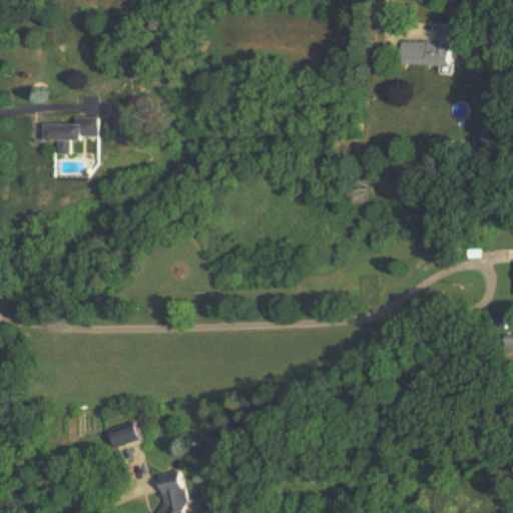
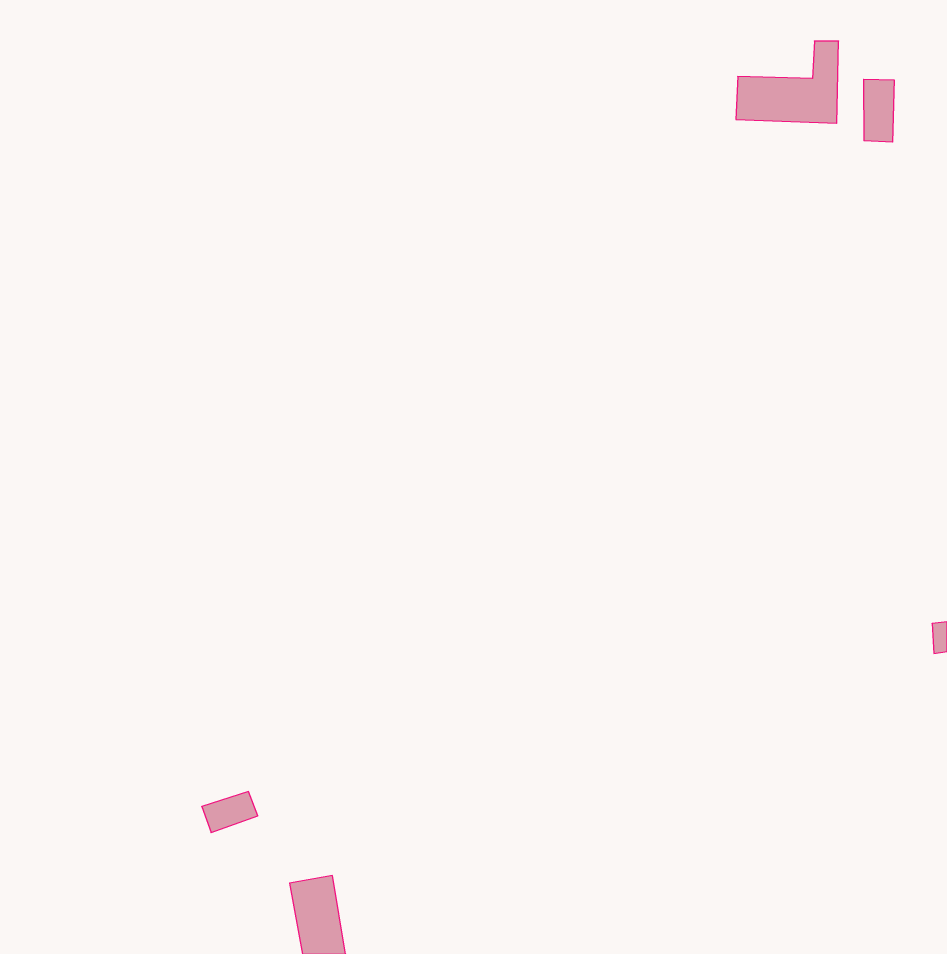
building: none -> [864,79,894,142]
building: [43,116,96,153] -> none

